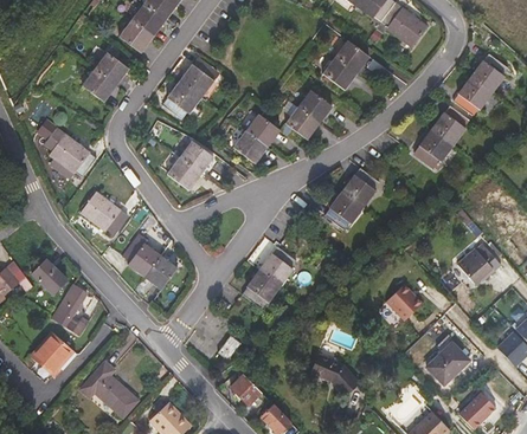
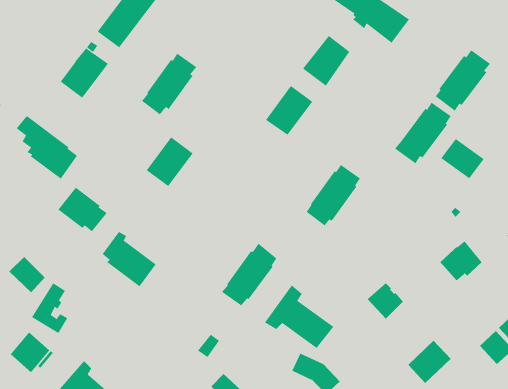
building: [232,112,279,163] -> none
building: none -> [440,138,484,179]
building: none -> [264,284,334,349]

